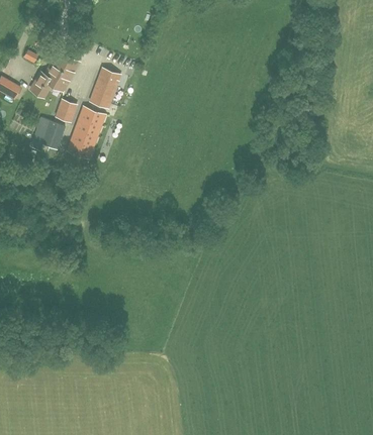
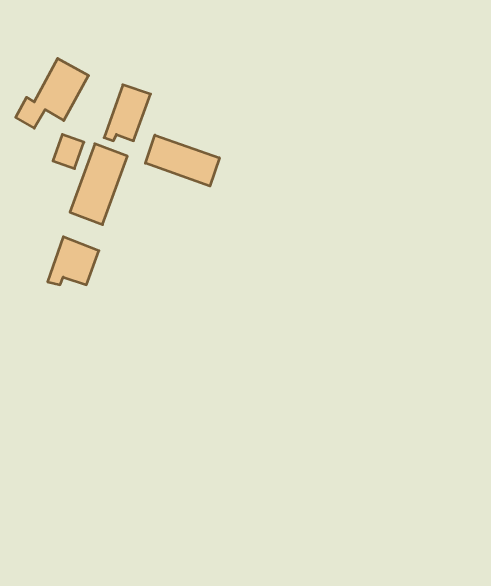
building: none -> [145,135,219,186]
building: [32,118,66,149] -> [48,237,99,285]

